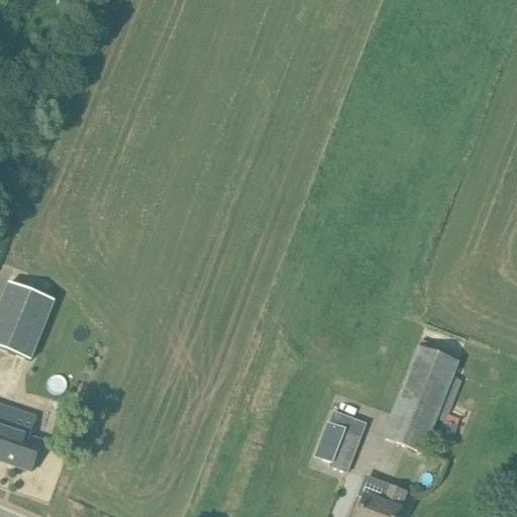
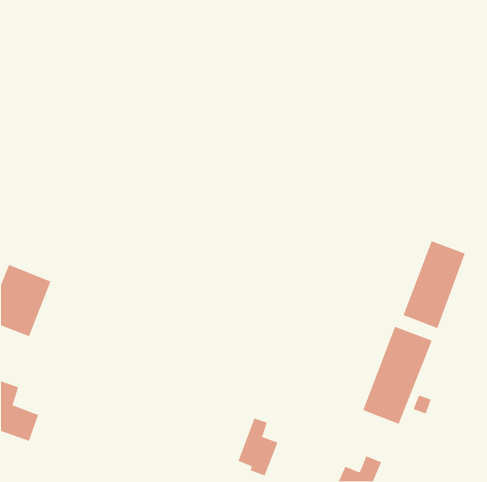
building: none -> [403,240,466,329]
building: [317,407,360,470] -> [237,417,278,477]

